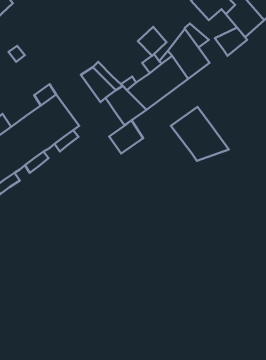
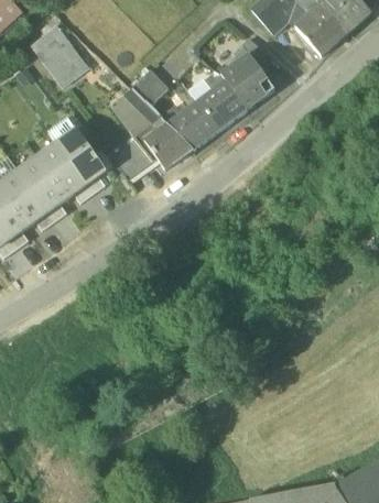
building: none -> [32,24,89,87]
building: [138,27,167,56] -> [130,69,167,107]
building: [215,28,247,56] -> none
building: [171,107,229,161] -> none
building: [109,120,143,153] -> [111,134,155,177]

